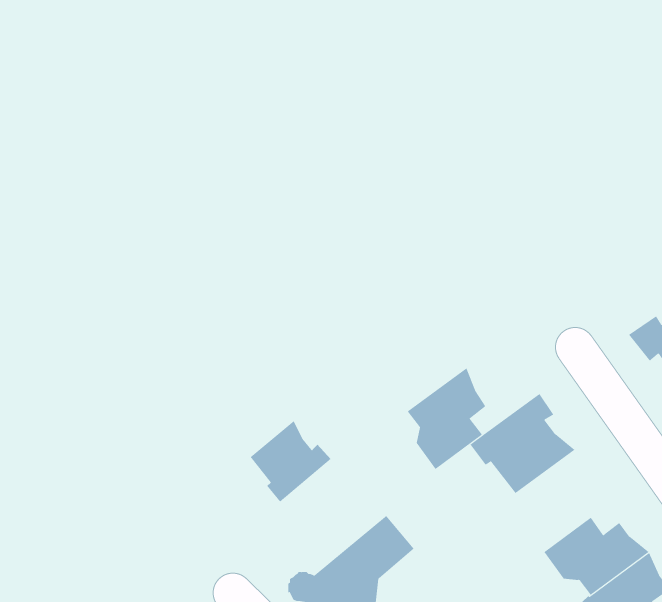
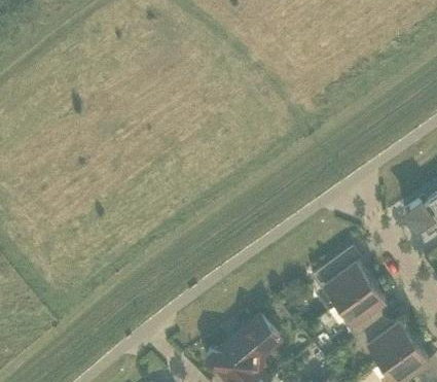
building: [407,367,486,470] -> [337,279,384,339]
building: [250,420,332,503] -> none

